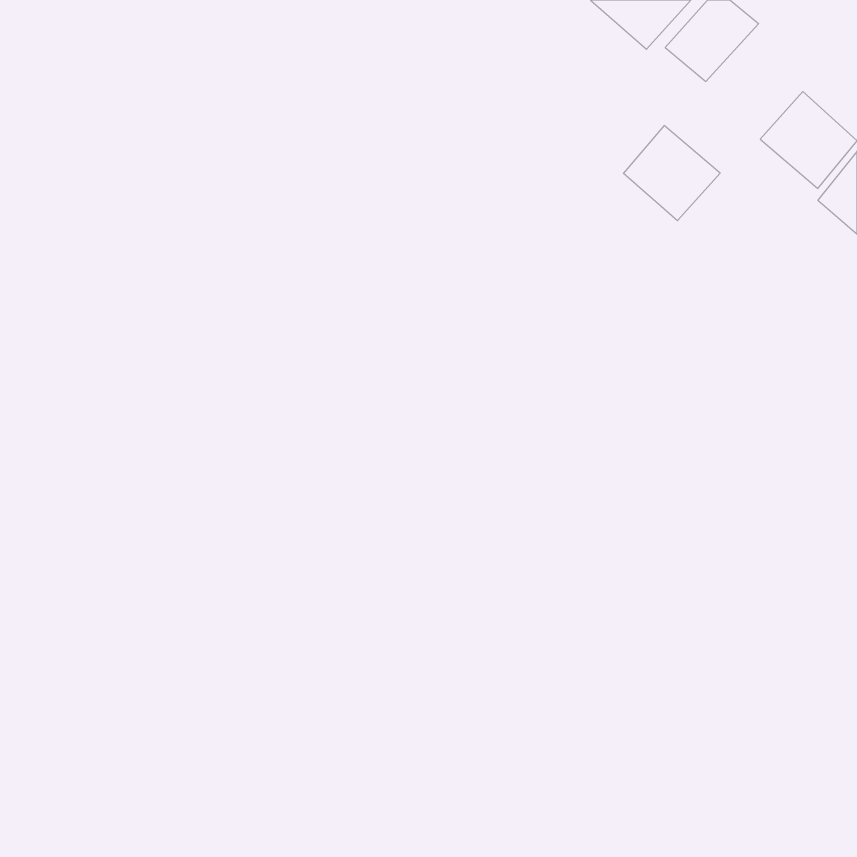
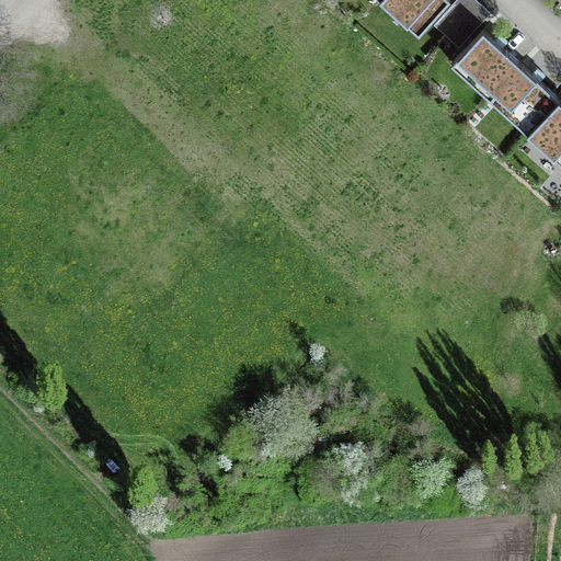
building: [623,126,720,221] -> [456,35,518,96]

